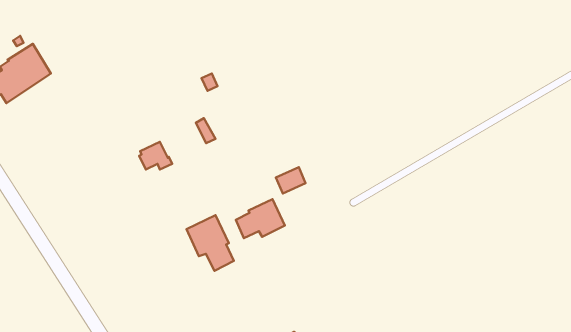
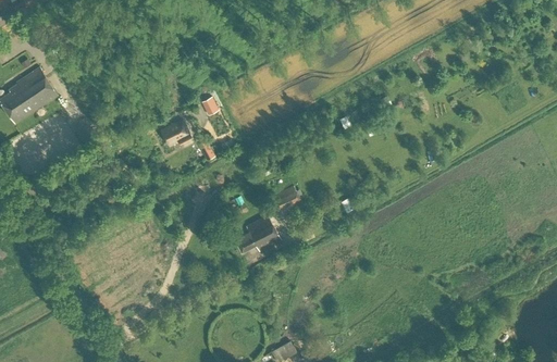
building: [139,142,172,169] -> [162,121,194,147]
building: [187,215,234,271] -> none

